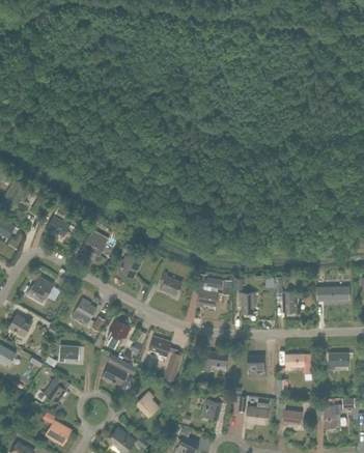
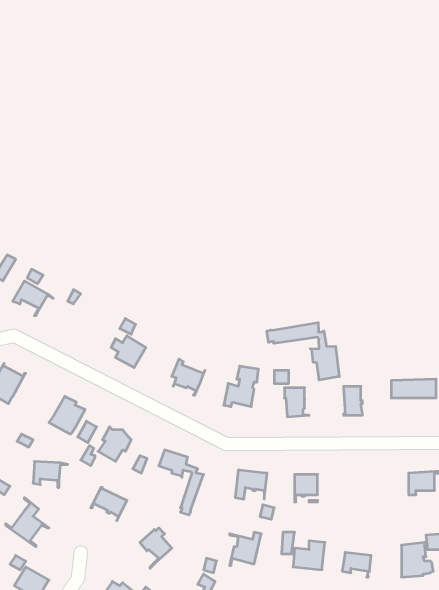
building: [81,230,108,256] -> none
building: none -> [267,323,339,380]
building: [285,353,317,370] -> none

